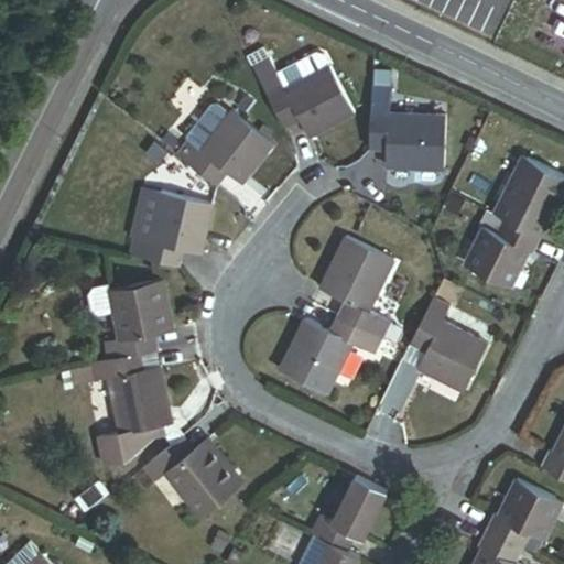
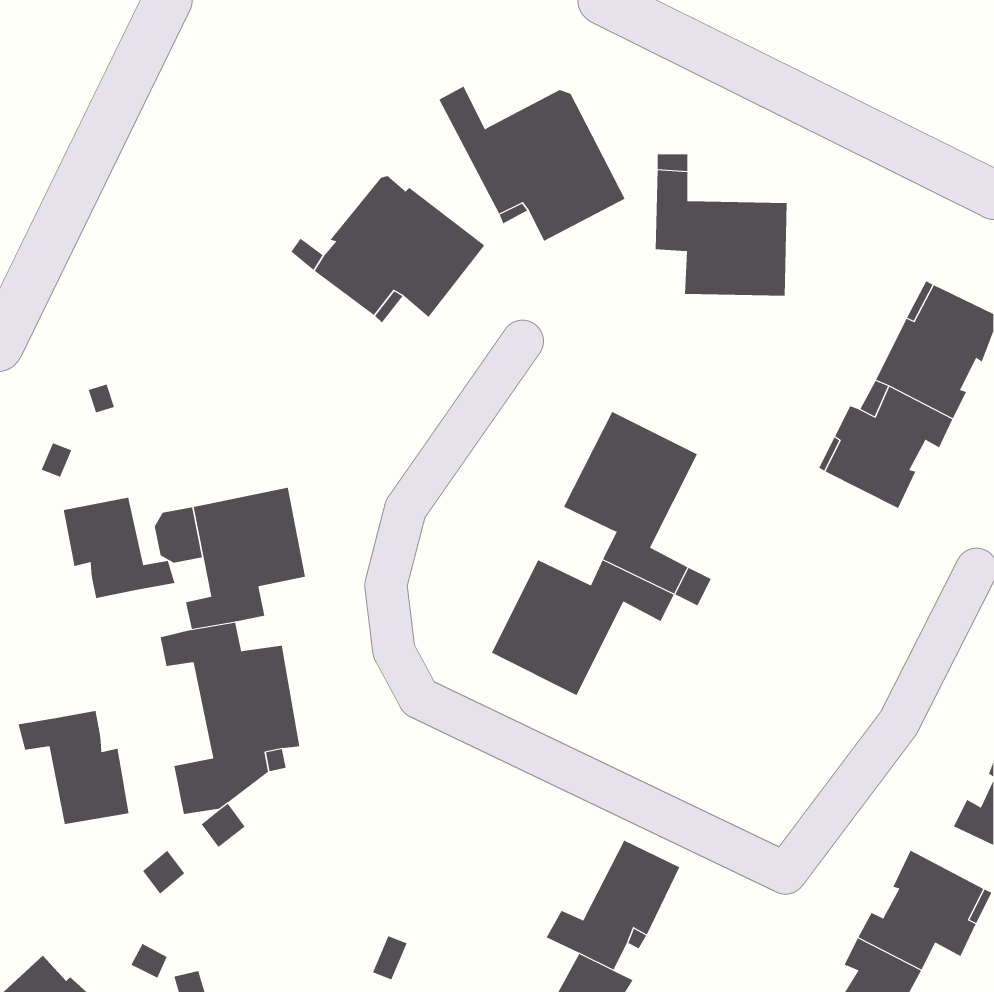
building: [130,186,213,264] -> none
building: none -> [63,497,175,599]
building: [413,297,486,390] -> none
building: none -> [18,710,129,825]
building: [142,438,243,518] -> none

